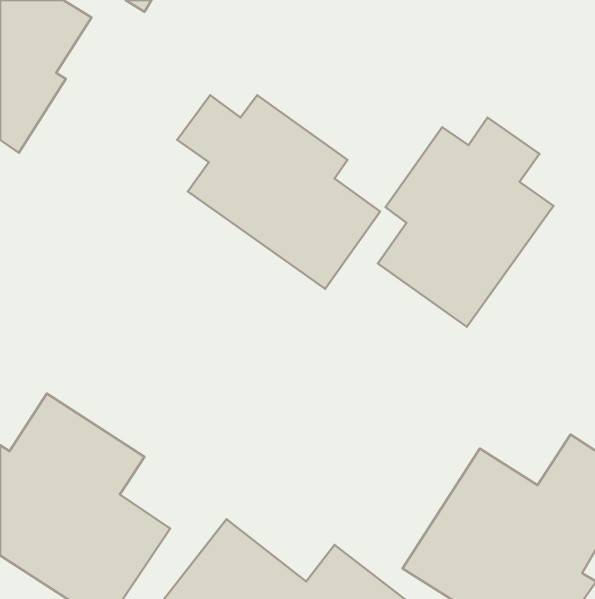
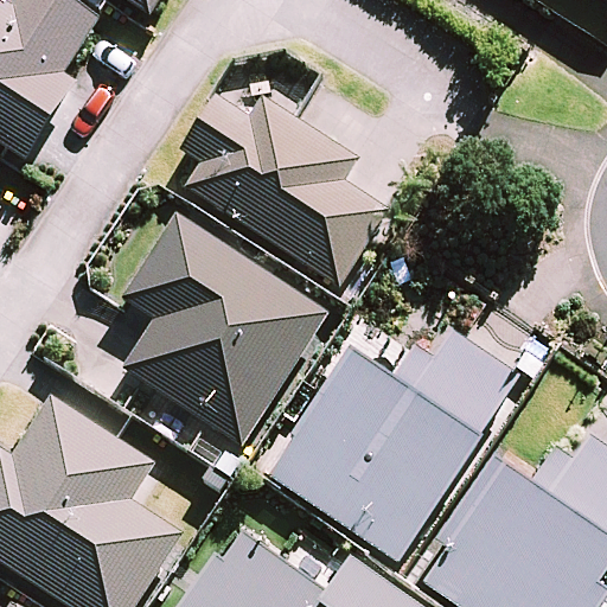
building: [378,118,553,327] -> none
building: none -> [124,215,328,448]
building: none -> [268,326,517,556]

